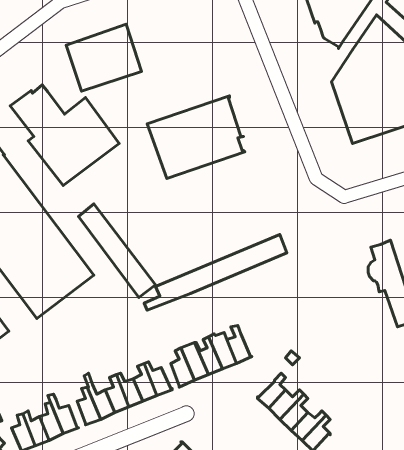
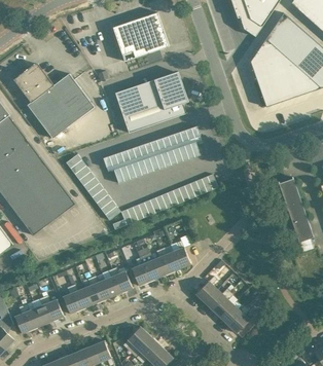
building: [66,24,142,91] -> [112,11,168,61]
building: none -> [103,125,202,183]

